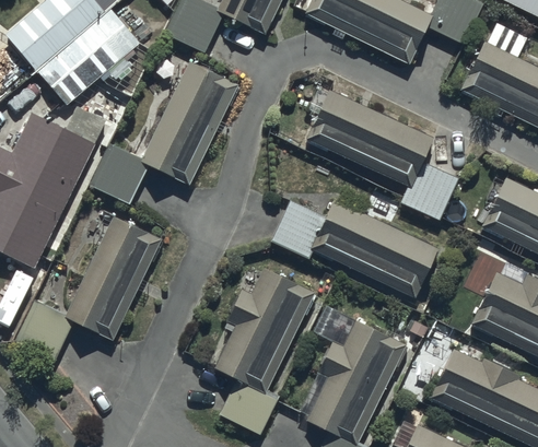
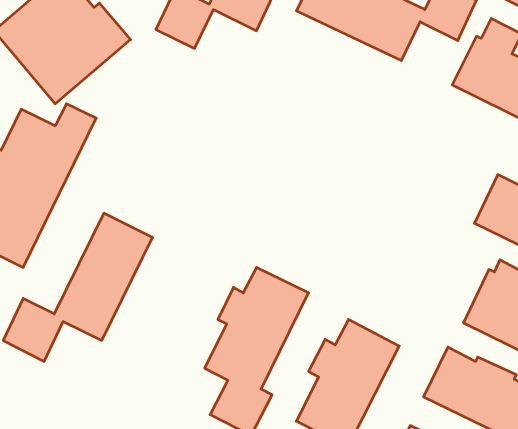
building: [89,60,238,203] -> none
building: [306,89,459,221] -> none
building: [269,195,437,297] -> none

